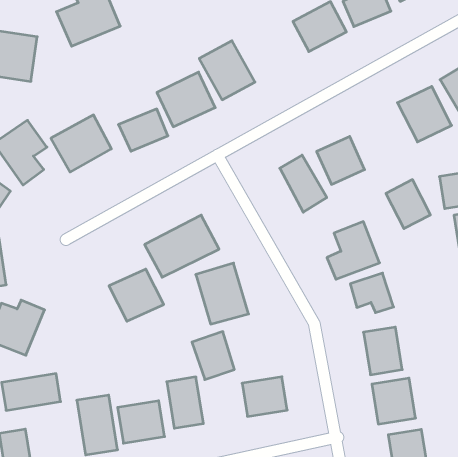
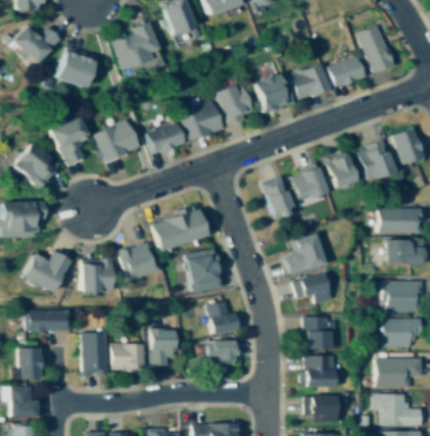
building: none -> [252,74,291,113]
building: [386,180,430,229] -> [326,154,356,190]
building: none -> [81,260,111,293]
building: [192,332,234,380] -> [207,300,236,334]

